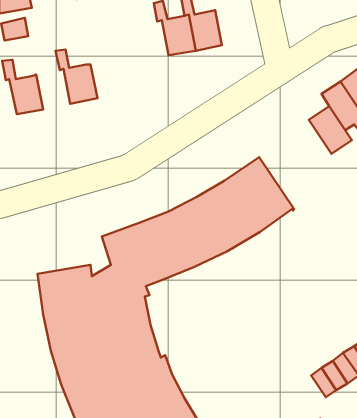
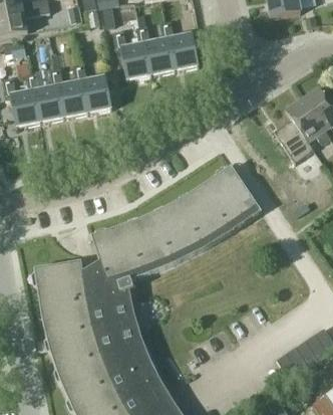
building: none -> [114,31,150,79]
building: none -> [74,64,111,113]
building: none -> [27,73,63,123]

